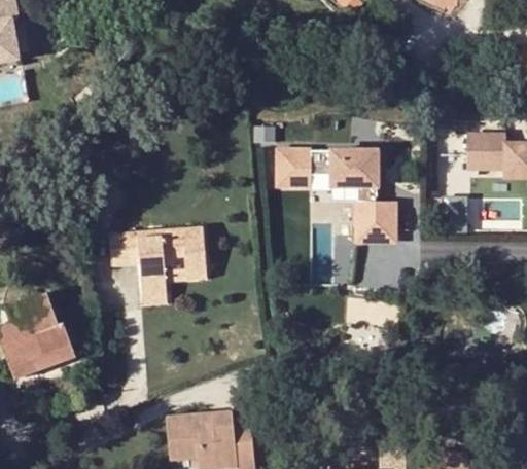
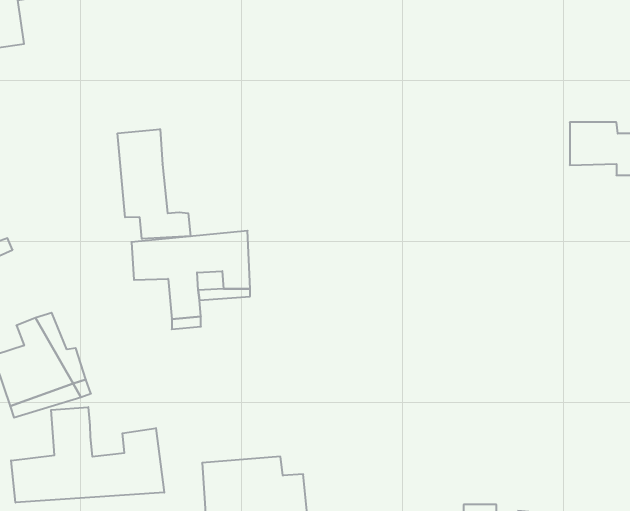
building: none -> [118,129,191,239]
building: [280,154,395,245] -> none
building: none -> [11,407,164,503]

